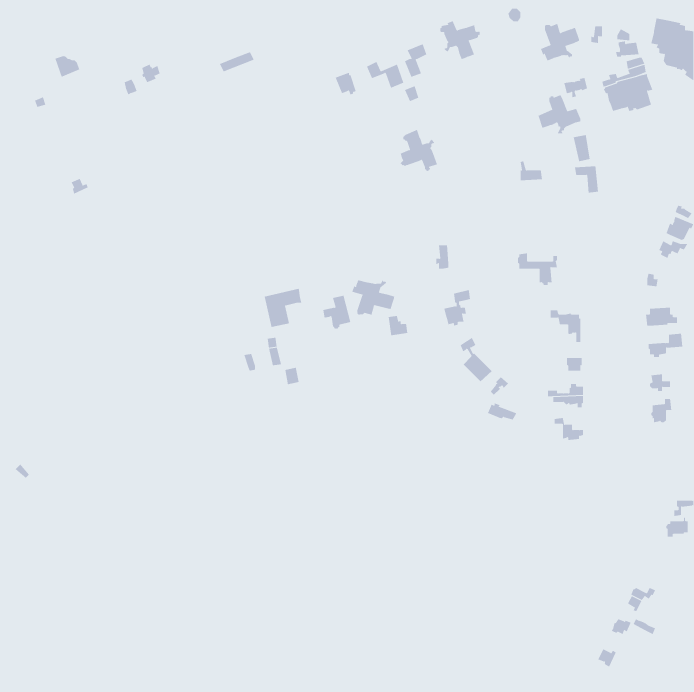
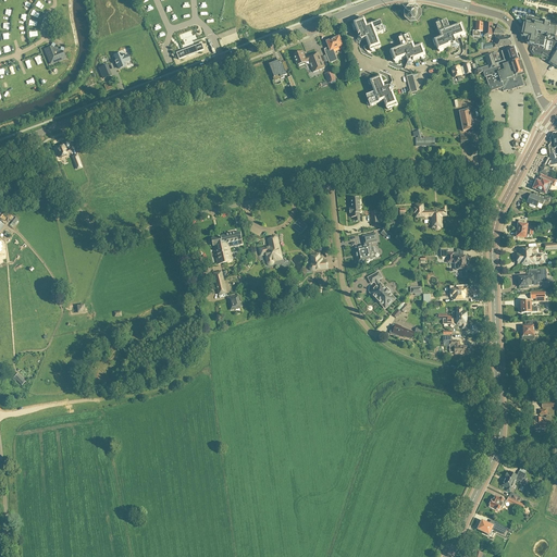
building: [536,94,581,134] -> [388,33,424,64]
building: [400,129,438,173] -> [366,74,396,109]
building: [351,279,395,316] -> none

